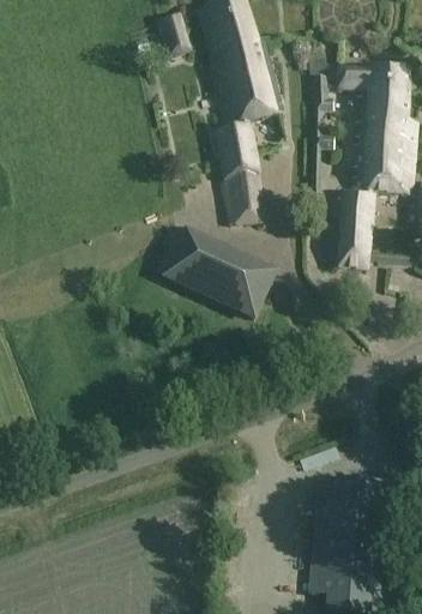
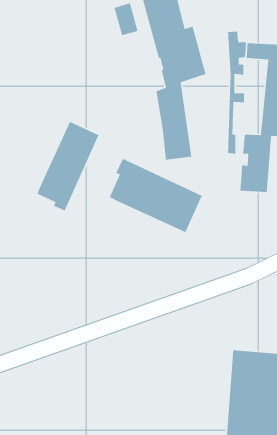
building: none -> [37,121,100,211]

